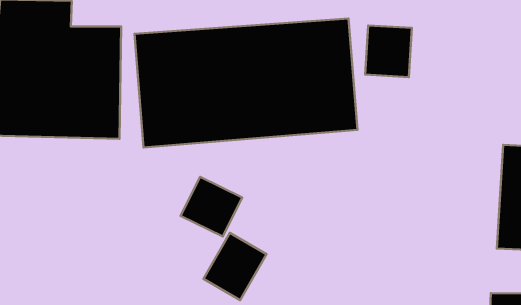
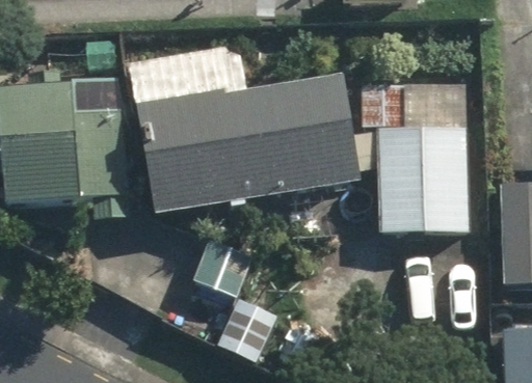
building: none -> [378,127,469,231]

